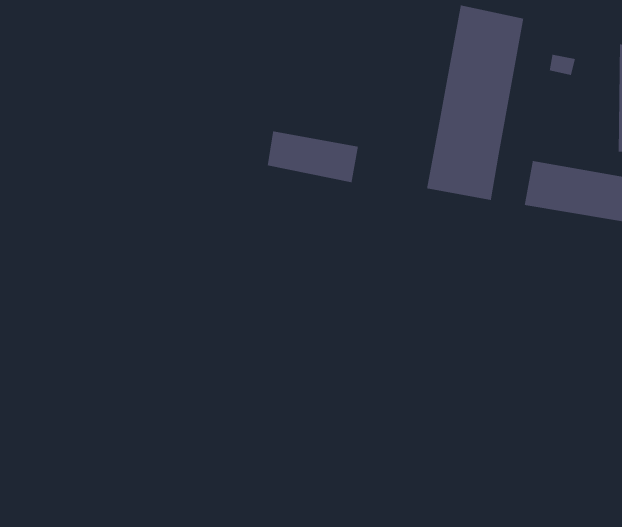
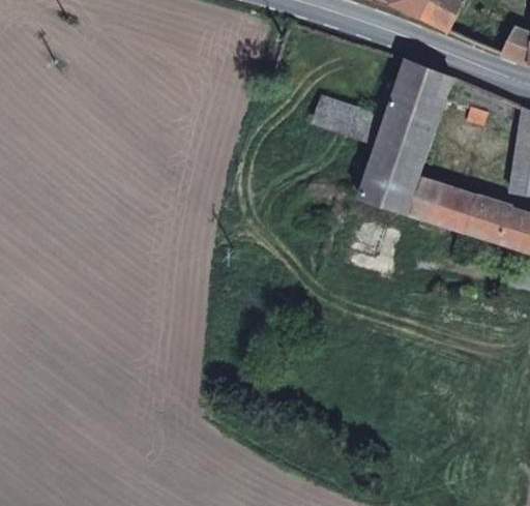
building: [267,130,359,183] -> [315,95,386,144]
building: none -> [407,177,442,218]

